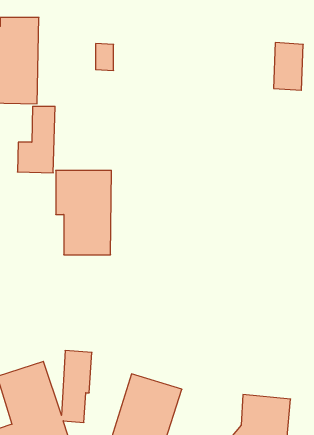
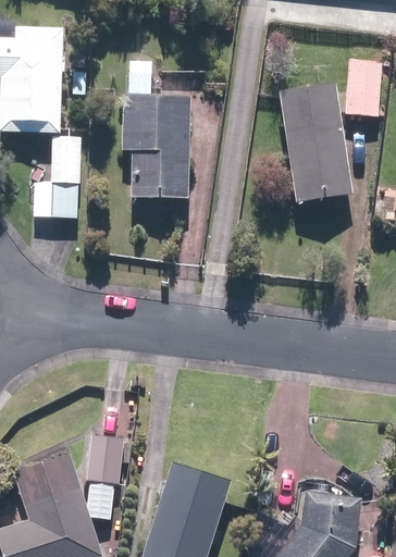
building: none -> [276,83,352,203]
building: [56,170,111,255] -> [122,97,189,199]

